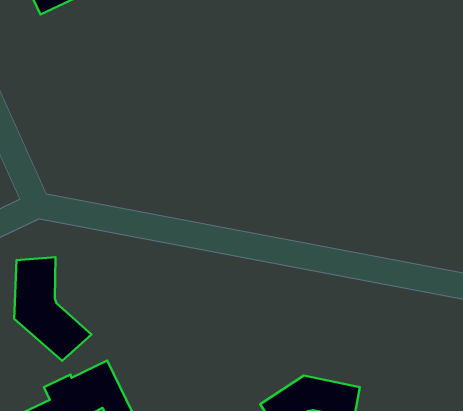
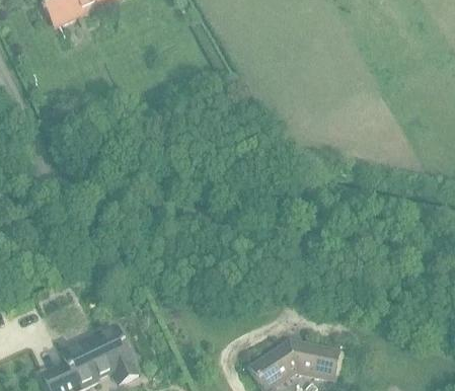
building: [14,257,91,361] -> none

